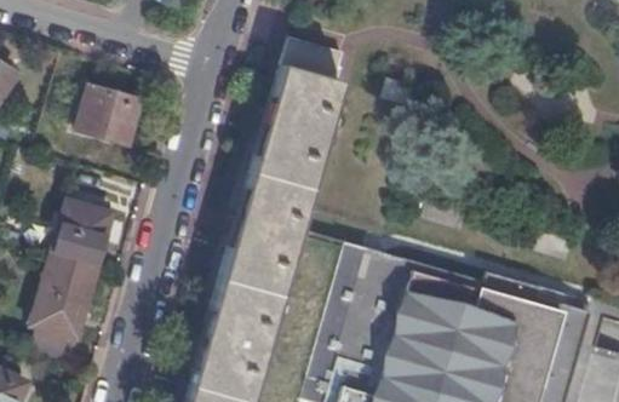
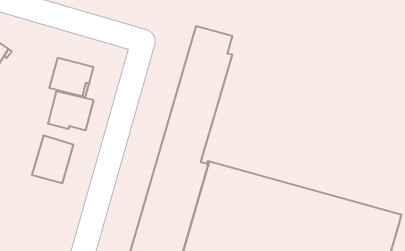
building: none -> [48,91,93,130]
building: [30,257,96,360] -> none

